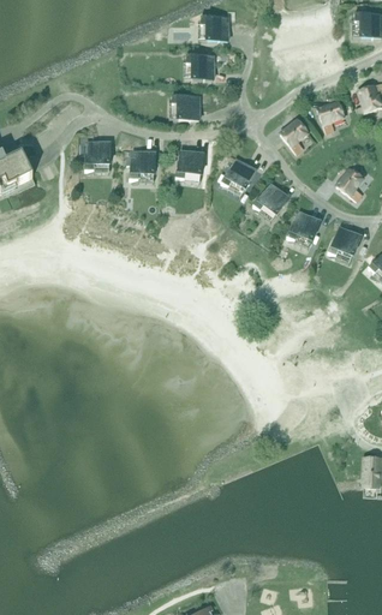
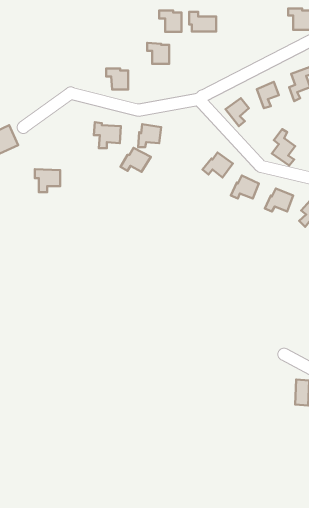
building: none -> [189,12,216,32]
building: [172,94,198,119] -> [106,68,128,90]
building: [79,142,109,169] -> [35,169,60,192]
building: [220,159,256,187] -> [120,148,151,172]

